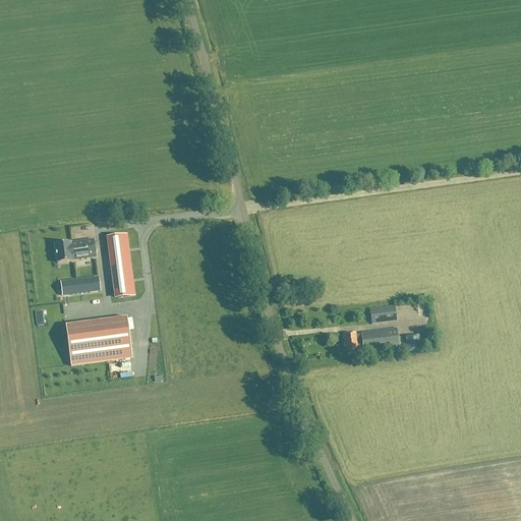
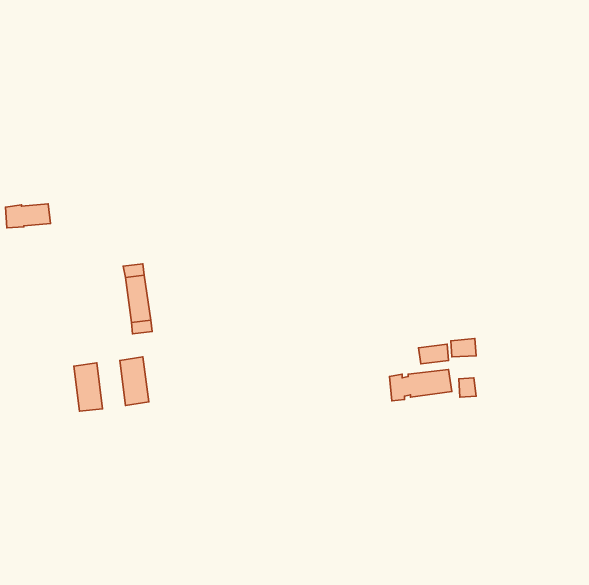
building: [55,239,95,260] -> [6,204,50,228]
building: [60,275,99,294] -> none
building: [85,319,111,361] -> none

